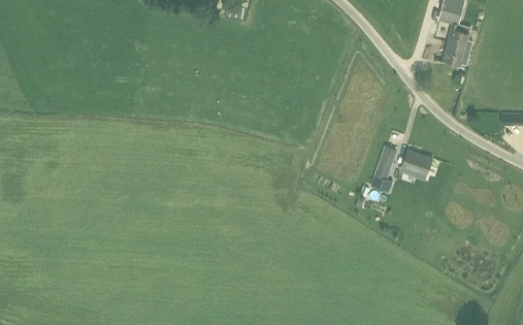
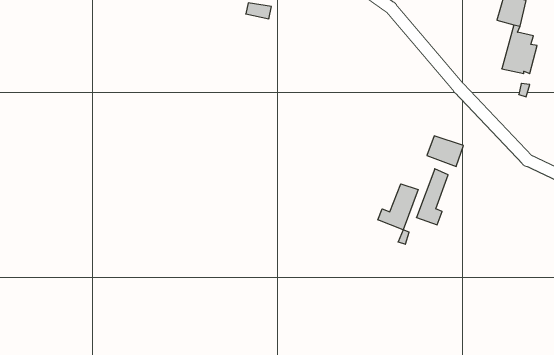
building: [401,149,432,174] -> [427,136,463,166]
building: none -> [378,184,418,230]

